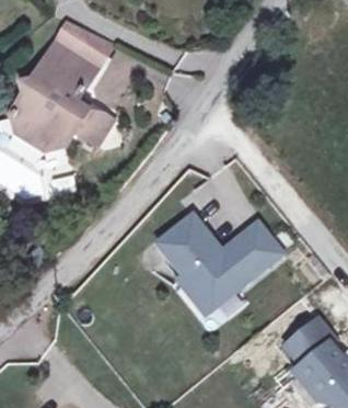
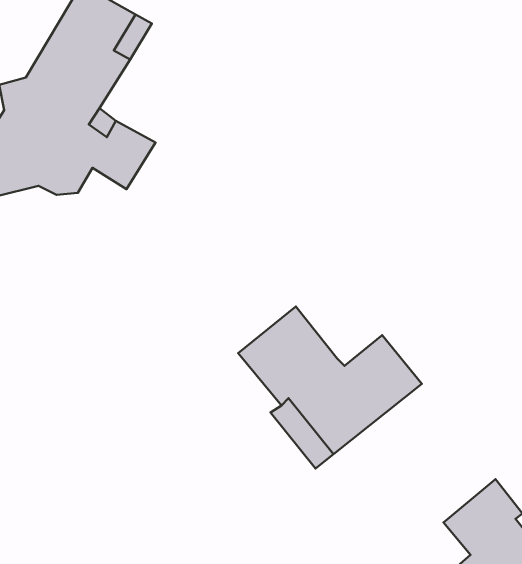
building: [250,218,292,263] -> none

